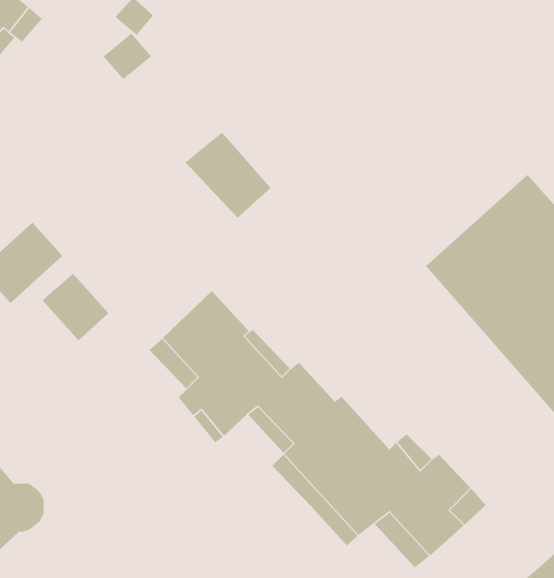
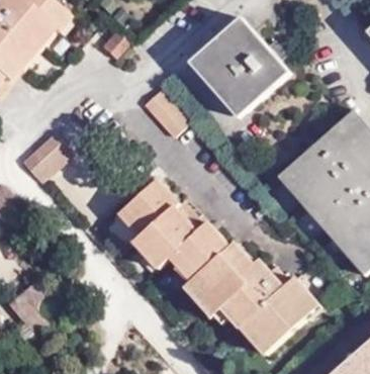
building: none -> [200,20,292,113]
building: [42,273,109,341] -> none

